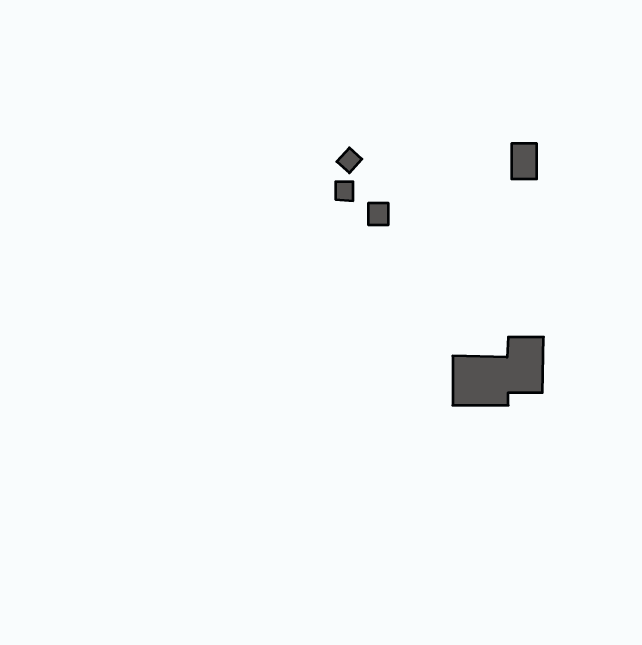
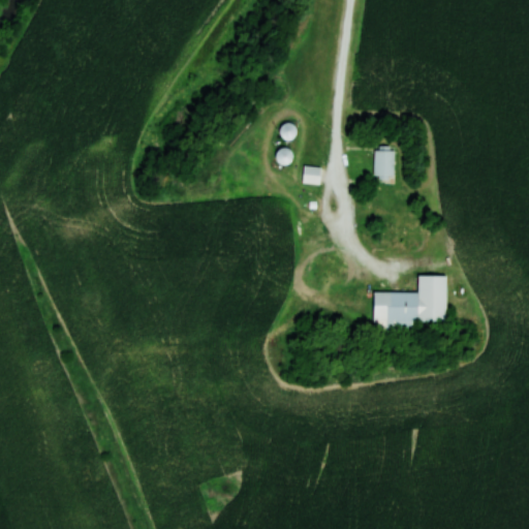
building: [512,144,537,179] -> [374,149,395,178]

